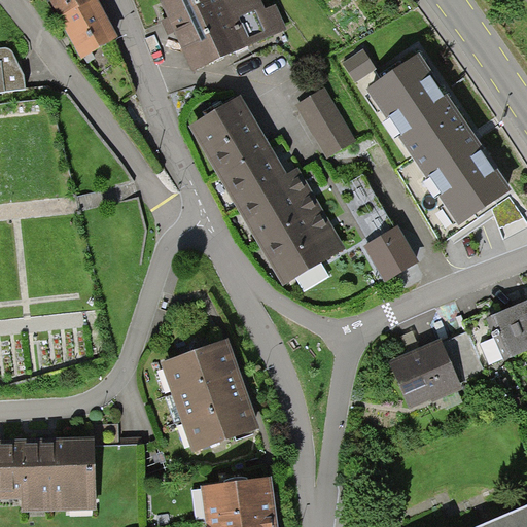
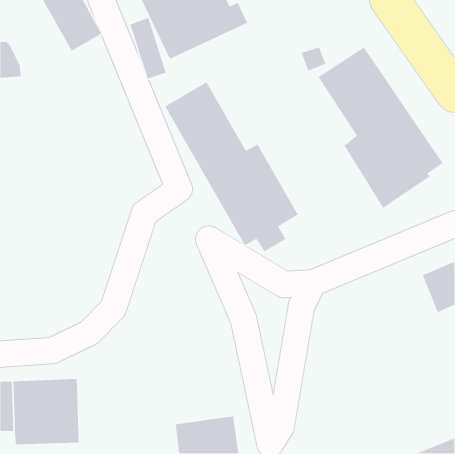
building: [296,89,355,156] -> none
building: [363,225,421,283] -> none
building: [390,330,483,410] -> none
building: [163,342,259,454] -> none

